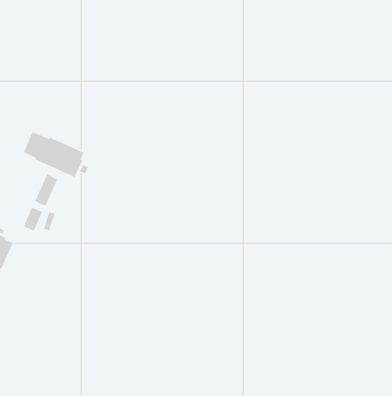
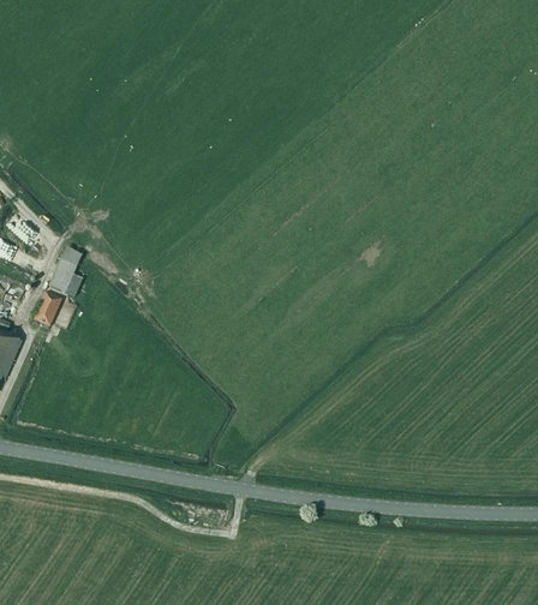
building: [23,131,89,178] -> none

